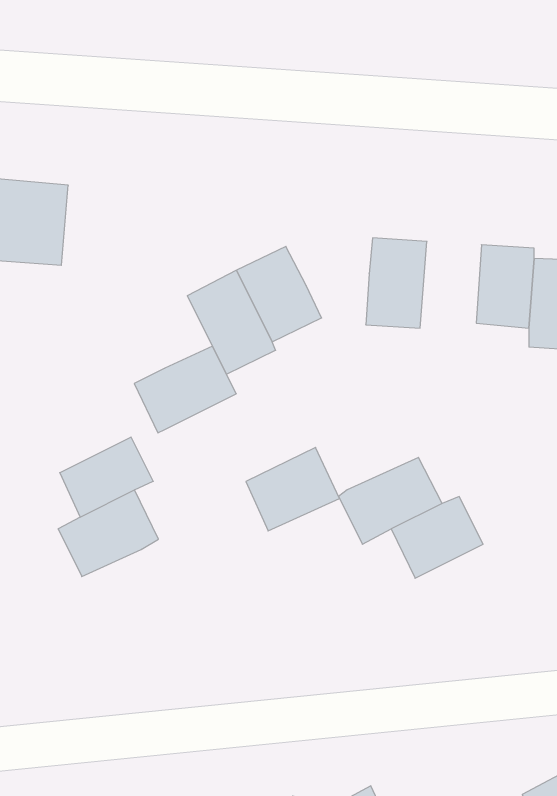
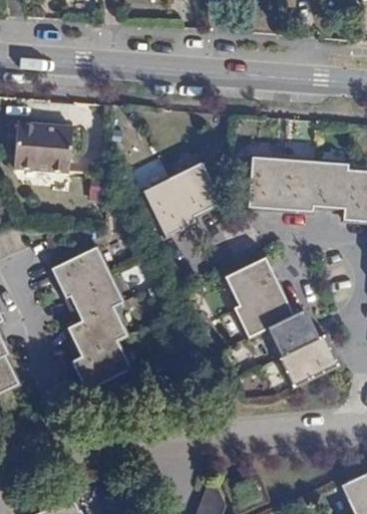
building: none -> [280,159,316,212]
building: [134,346,236,433] -> [49,246,109,297]
building: [246,447,339,531] -> [224,256,279,305]
building: none -> [277,335,338,388]
building: none -> [70,340,130,391]

